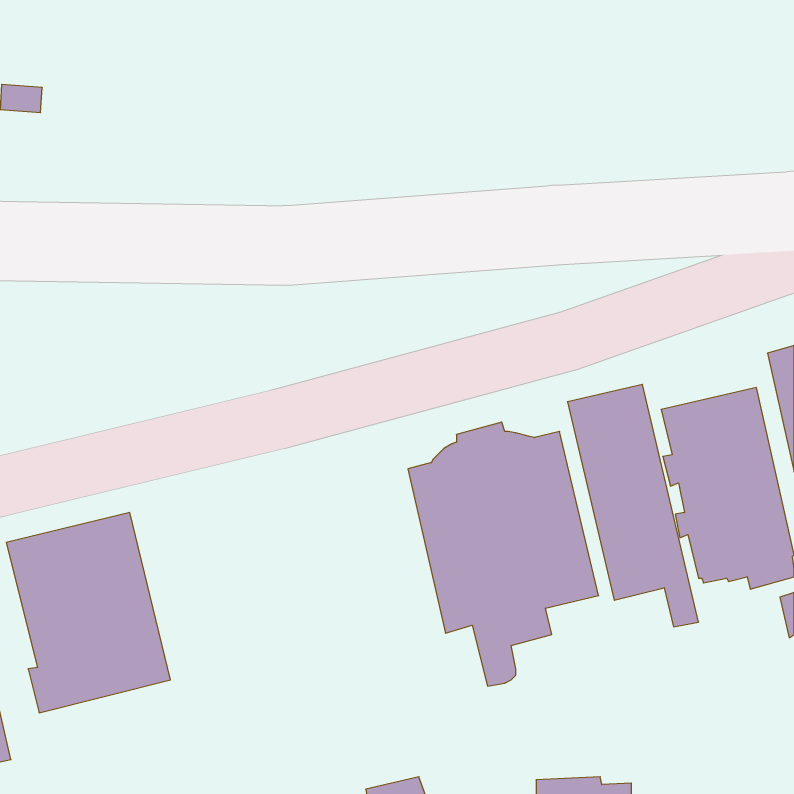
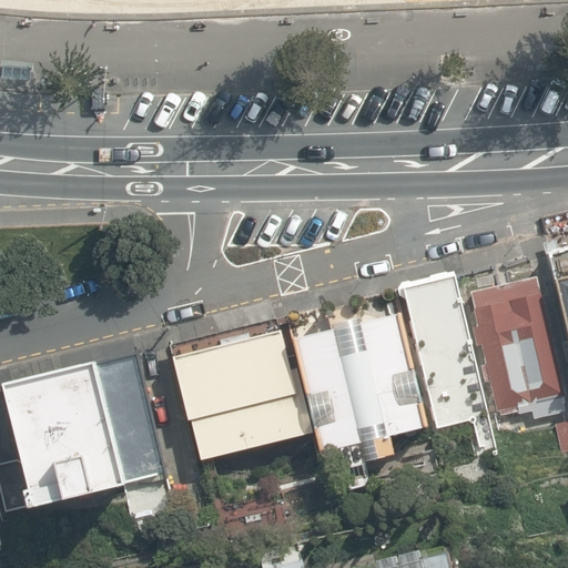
building: none -> [166,317,311,460]
building: none -> [92,356,164,486]

